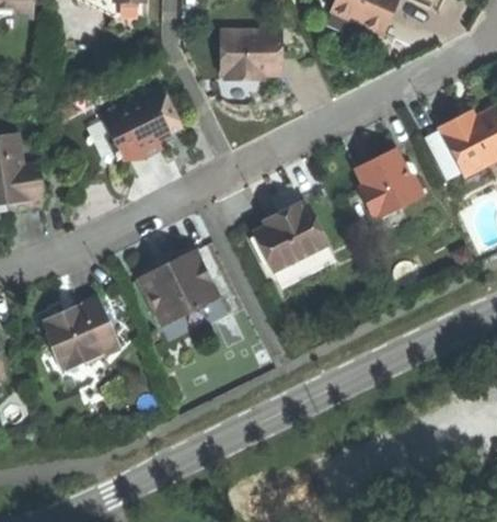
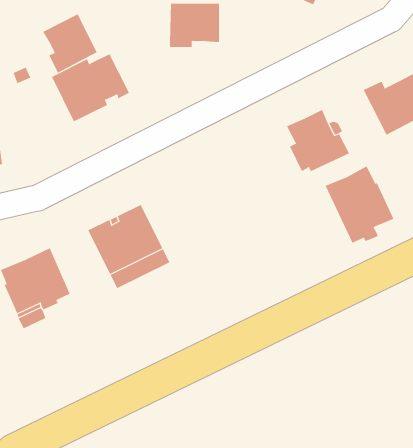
building: none -> [42,14,97,74]
building: [254,203,327,269] -> none
building: none -> [325,166,394,243]

